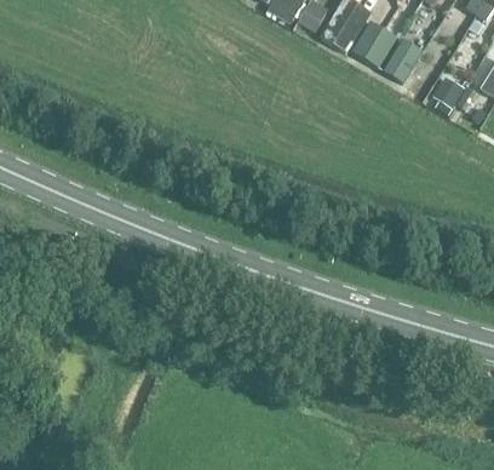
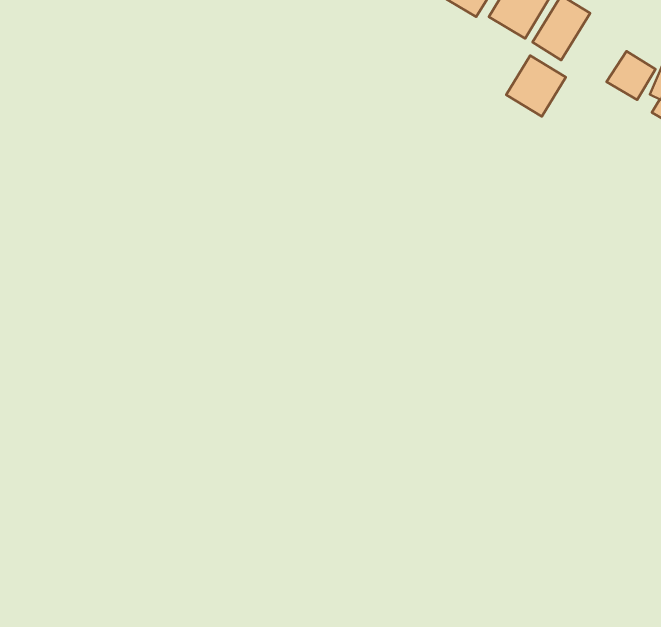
building: none -> [506,55,566,117]

